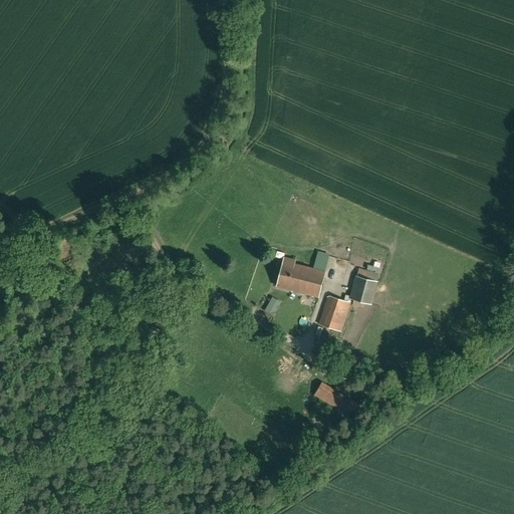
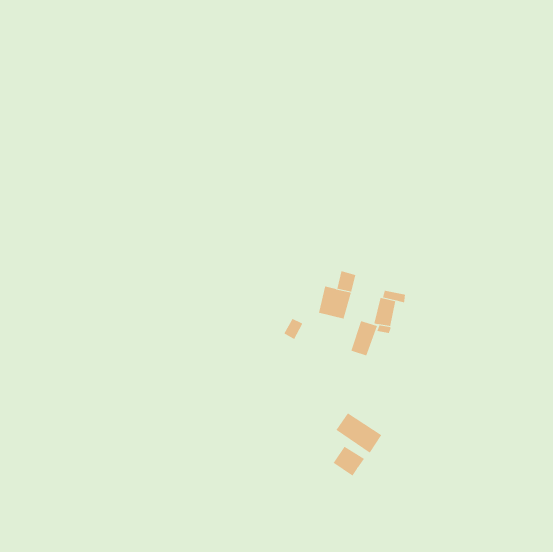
building: [277,256,301,290] -> none
building: none -> [333,446,365,477]

